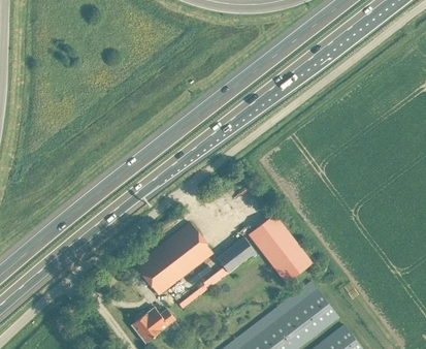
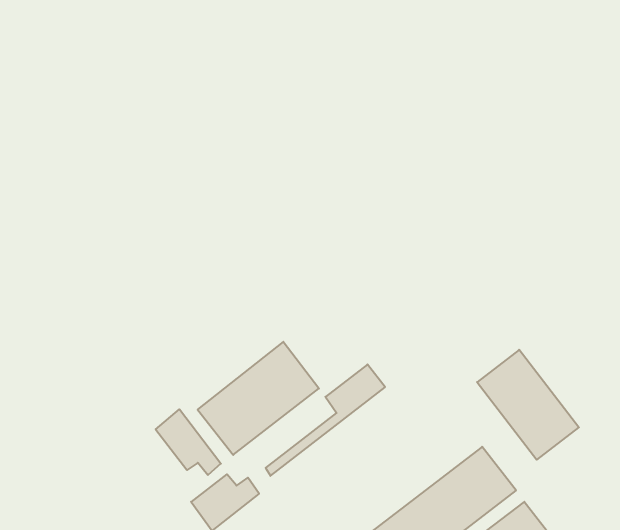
building: [248,213,313,283] -> [477,350,579,460]
building: none -> [156,409,221,475]

